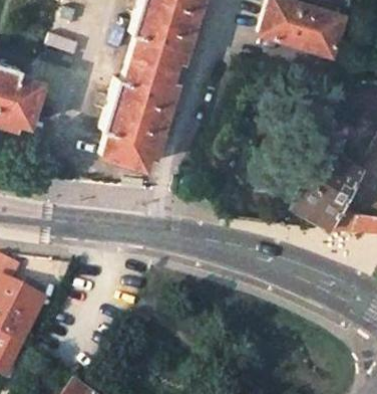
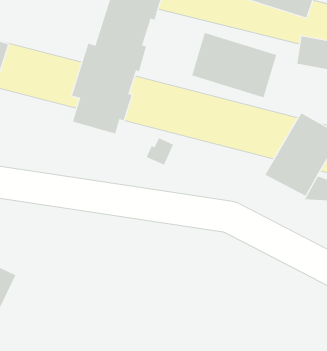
building: none -> [191,32,277,98]

